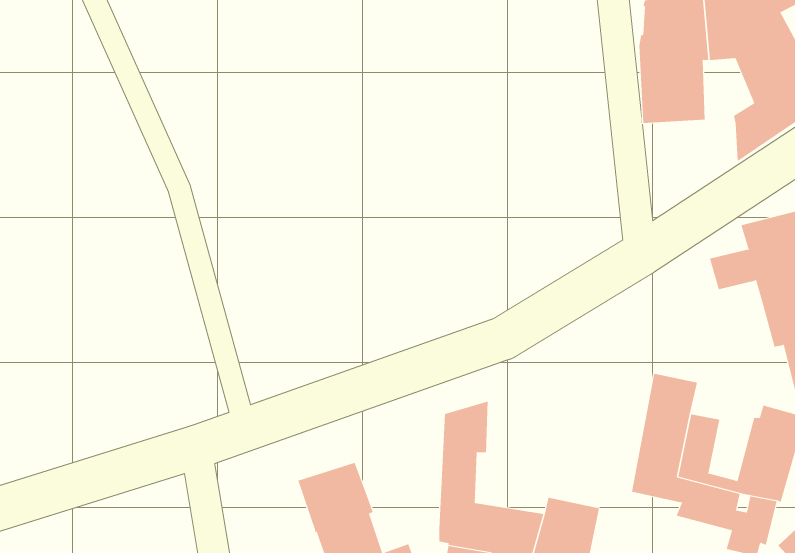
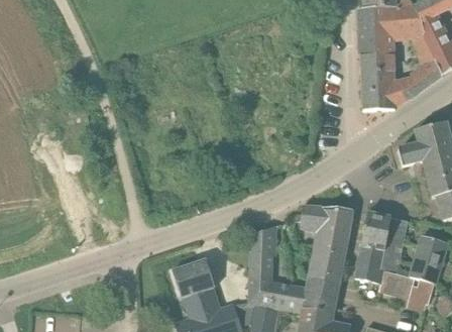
building: none -> [361,73,400,110]
building: none -> [301,206,353,285]

